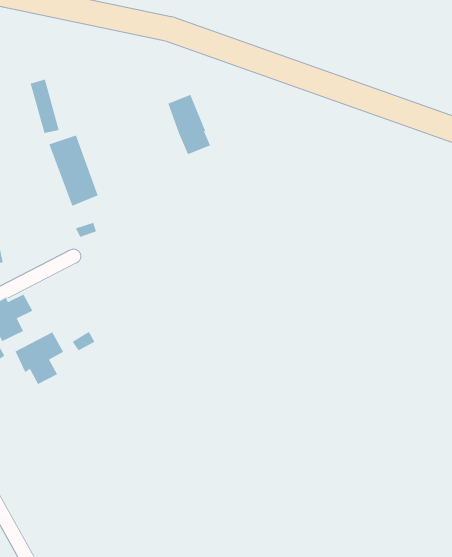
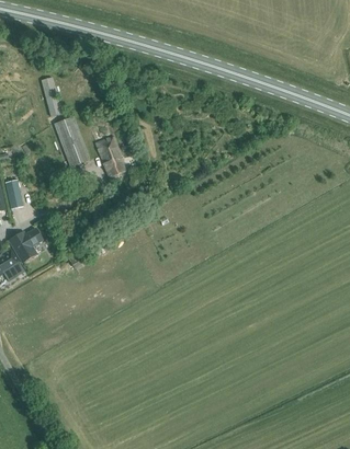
building: [167,94,211,155] -> [95,135,126,177]
building: [15,331,64,385] -> none

